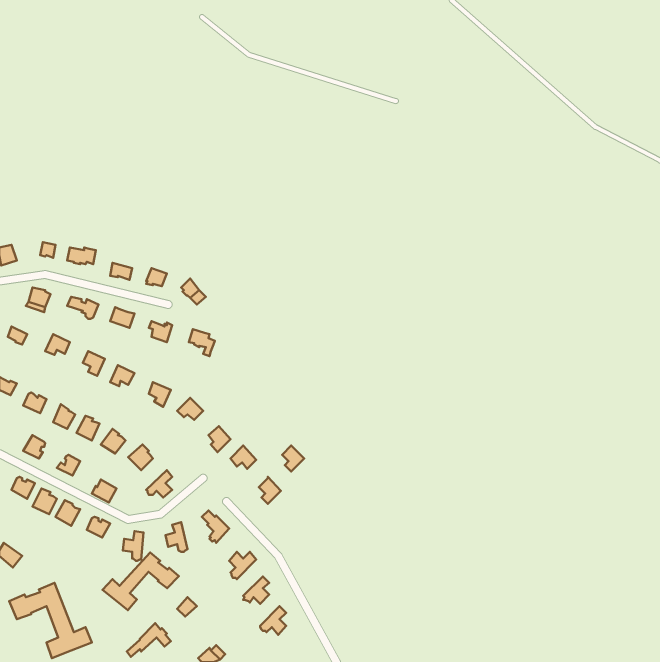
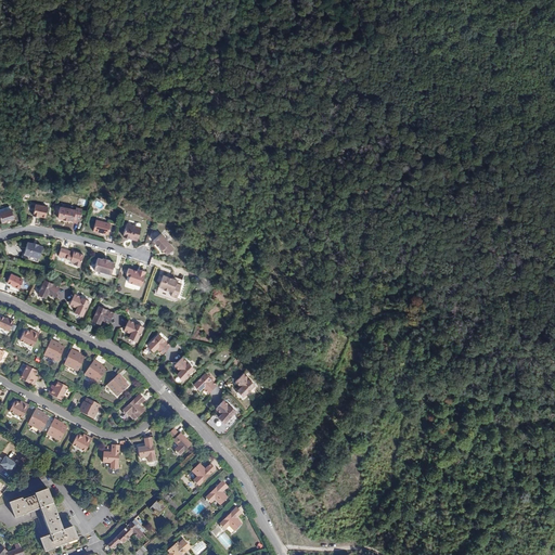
building: [102,552,179,610] -> none

